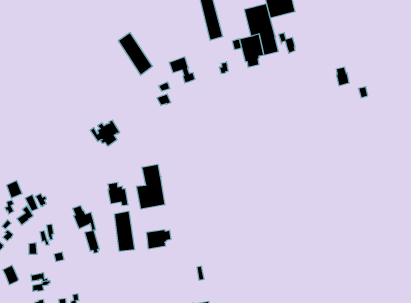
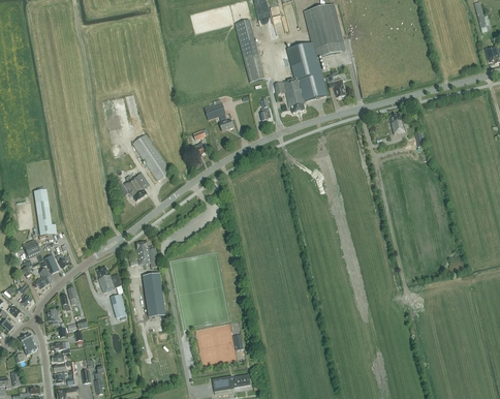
building: [118,33,153,75] -> [131,131,169,179]
building: none -> [32,188,55,233]
building: [137,164,165,209] -> none
building: [146,230,171,249] -> none

